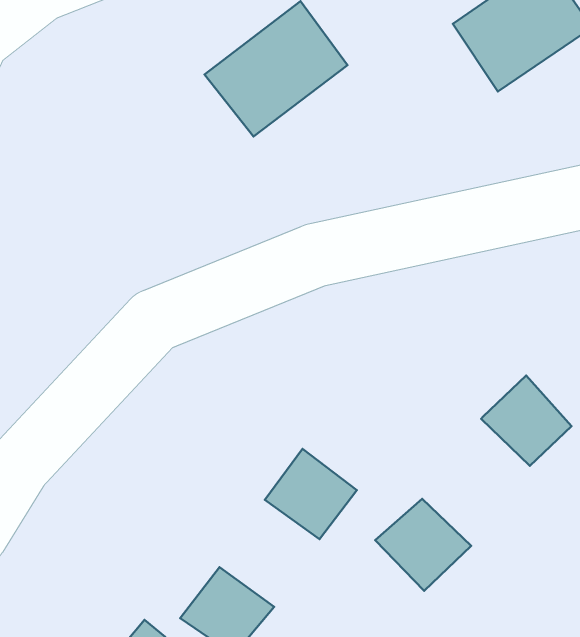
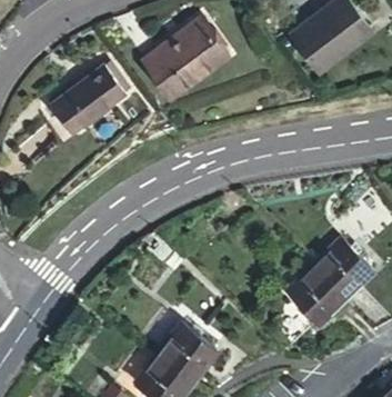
building: none -> [52,66,128,136]
building: [265,449,357,539] -> [154,322,209,376]
building: [375,499,471,591] -> [281,265,338,319]

